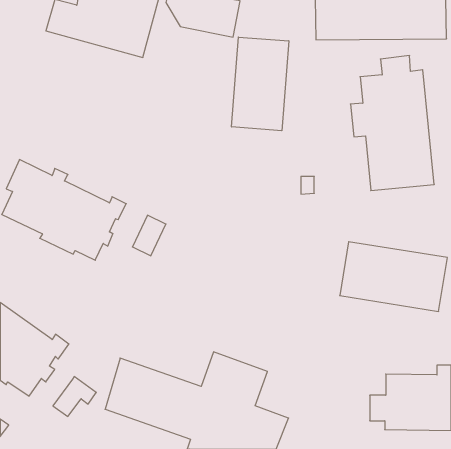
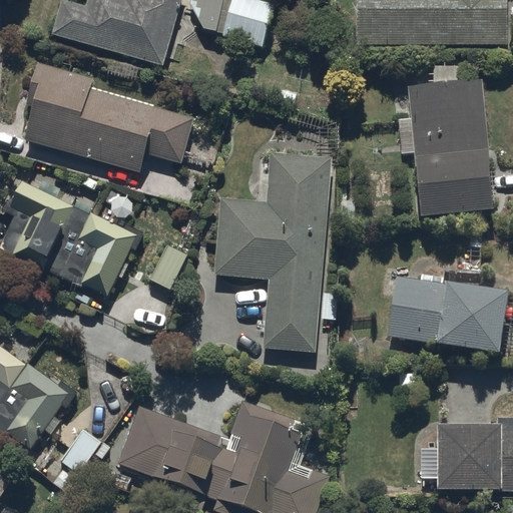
building: [232,37,289,131] -> none
building: none -> [26,63,193,171]
building: none -> [215,153,339,352]

